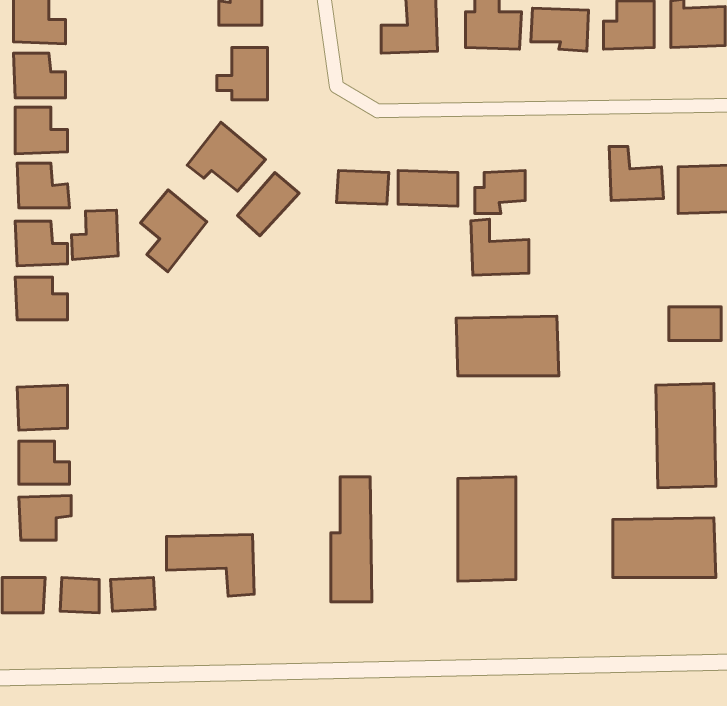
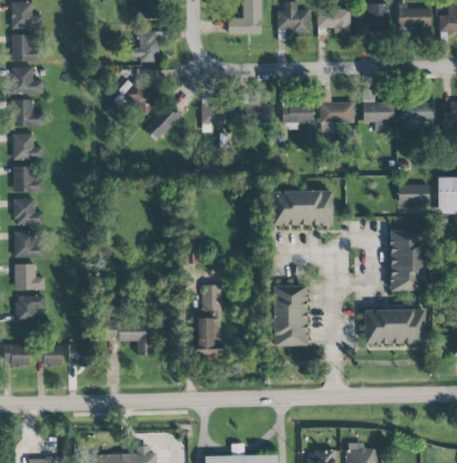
building: [141,190,207,272] -> none
building: [72,210,118,260] -> none
building: [471,219,529,275] -> [319,89,353,122]
building: none -> [14,198,44,225]

